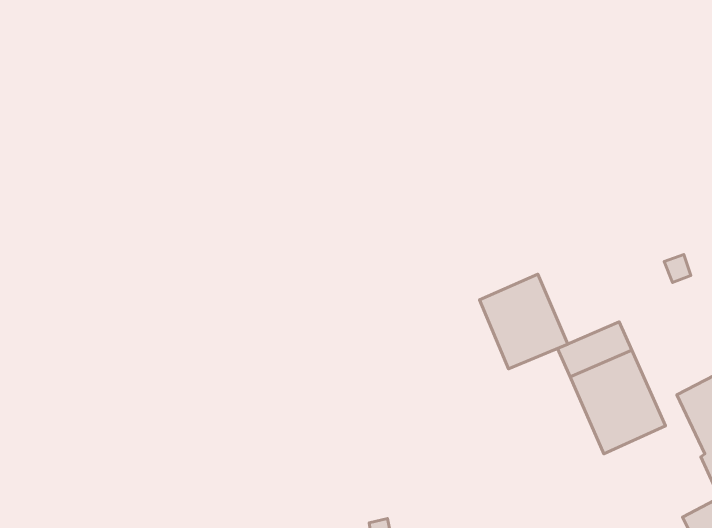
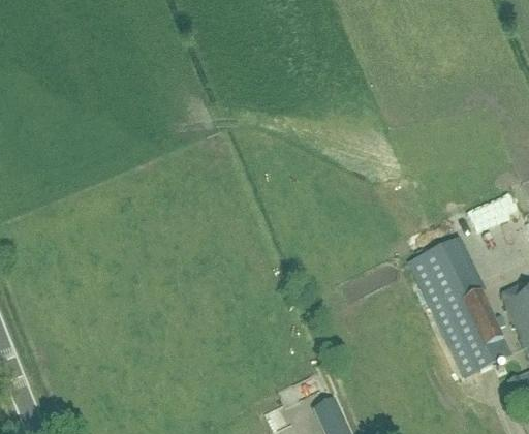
building: [479,274,568,369] -> none
building: none -> [446,315,510,377]

